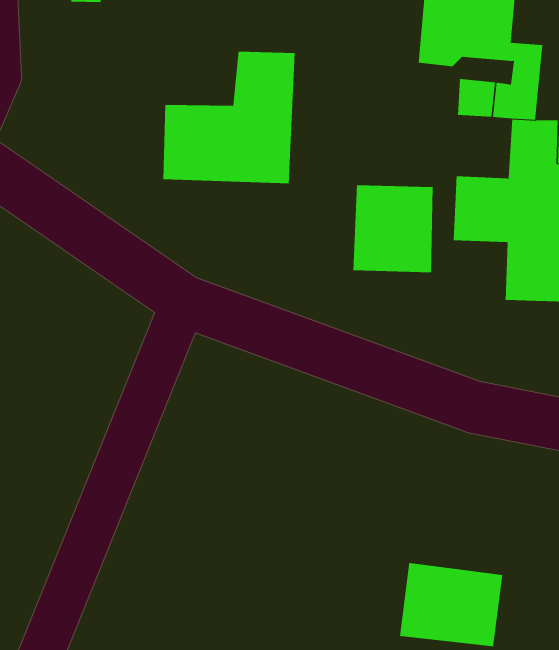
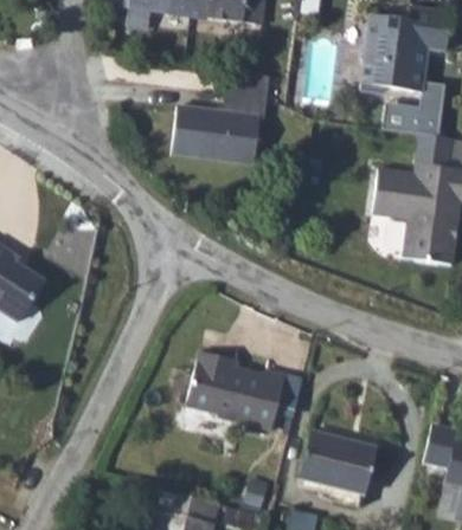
building: [353,184,433,273] -> none
building: none -> [194,361,308,437]

